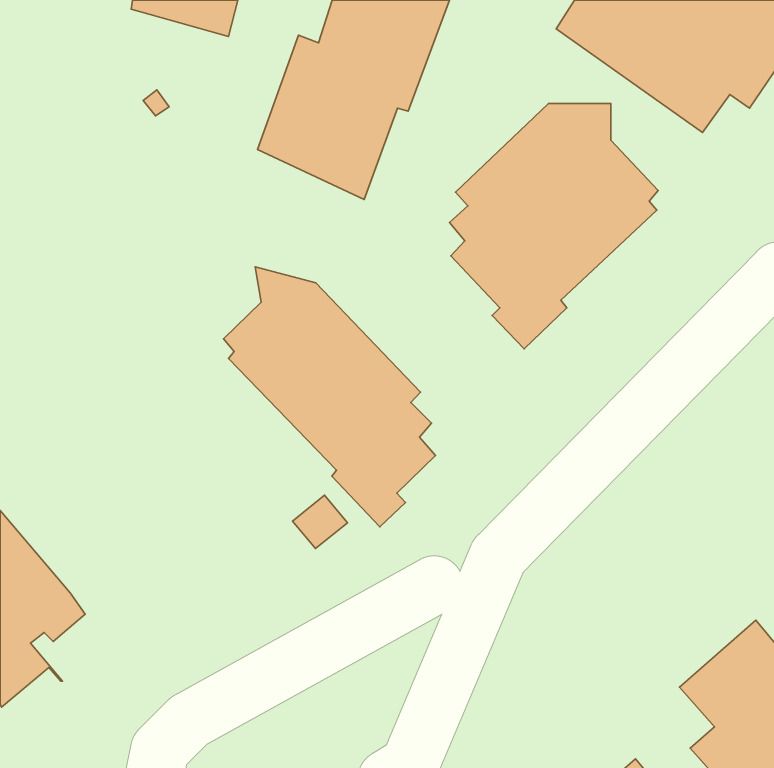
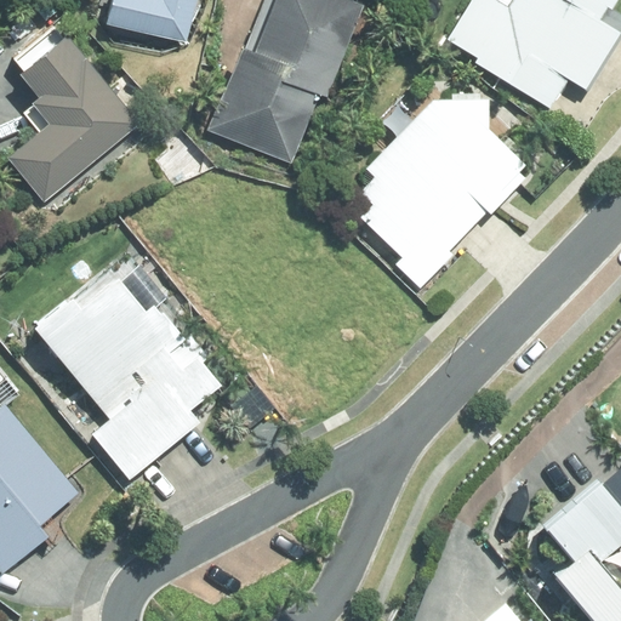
building: none -> [8,29,139,198]
building: [224,267,435,527] -> none
building: none -> [24,270,218,483]

